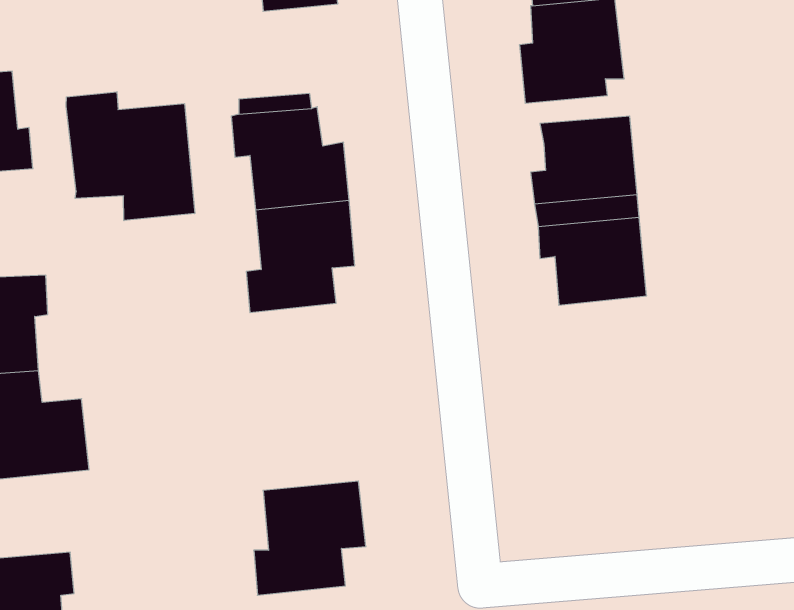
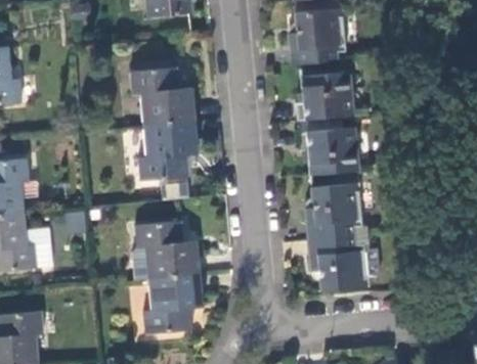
building: [66,92,195,221] -> none
building: none -> [306,185,368,292]
building: none -> [135,221,201,278]

